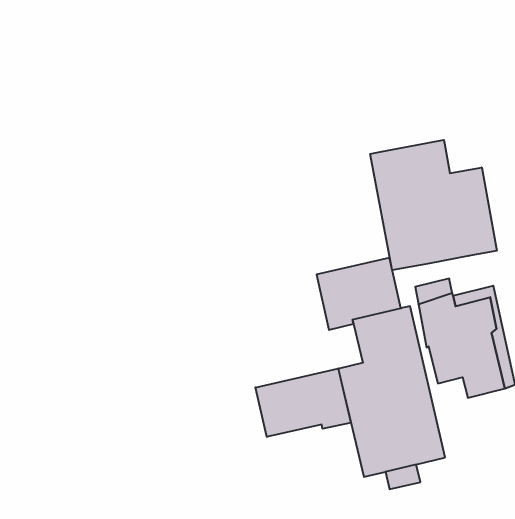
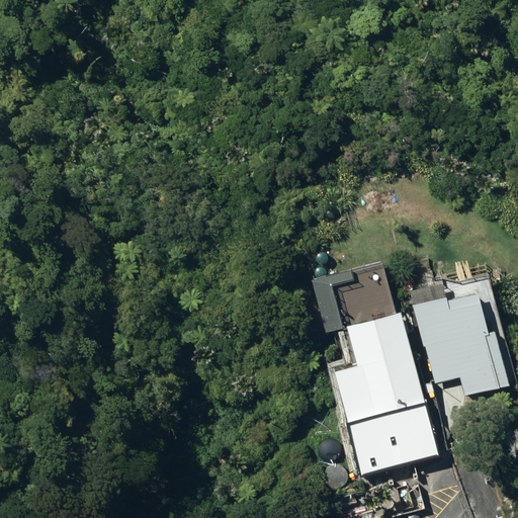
building: [370,140,497,270] -> none
building: [255,368,351,437] -> none

